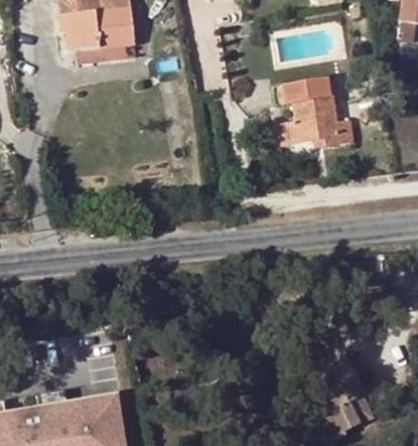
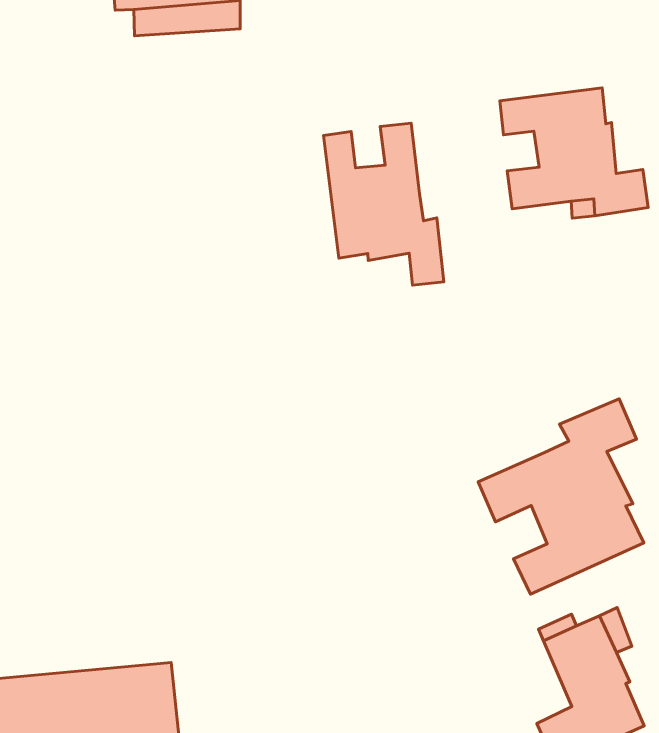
building: none -> [323,123,444,285]
building: none -> [478,399,644,594]

